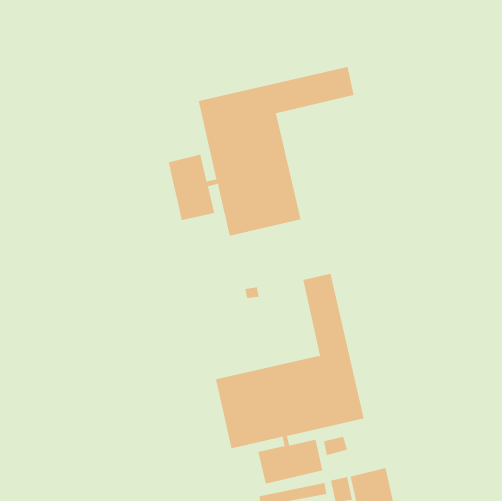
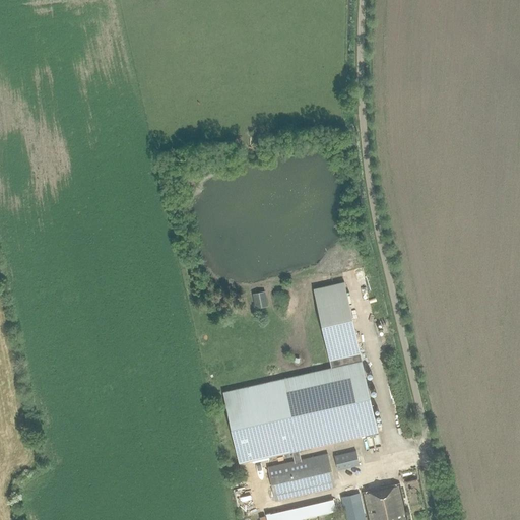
building: [168,66,354,237] -> none

